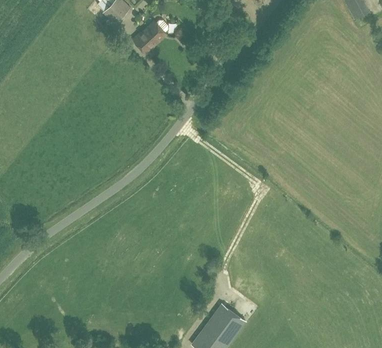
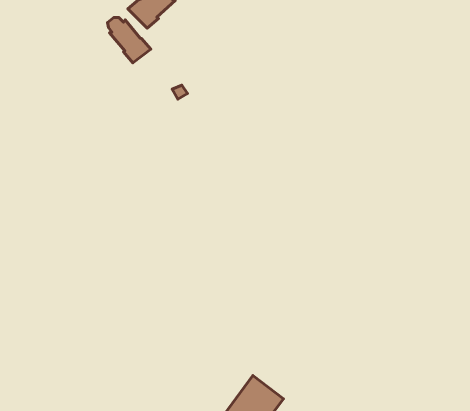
building: none -> [107,17,151,63]

